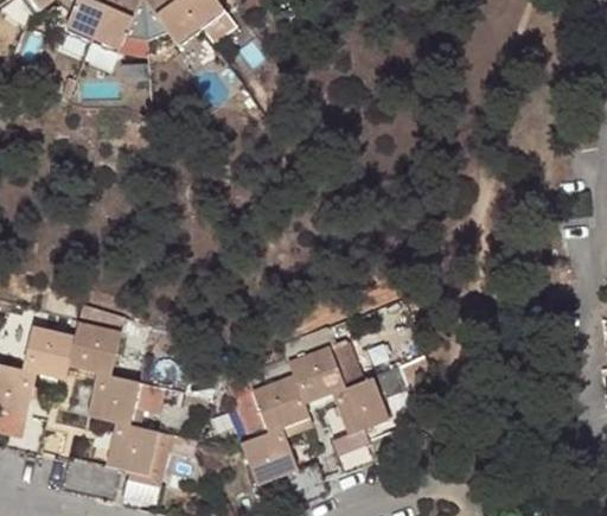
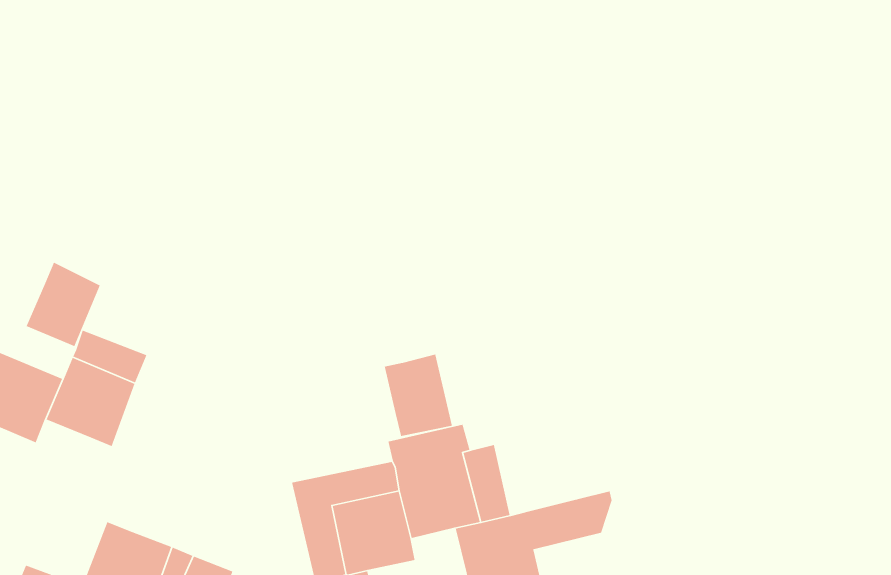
building: none -> [26,262,101,347]
building: none -> [384,354,453,437]
building: [87,370,140,423] -> none

